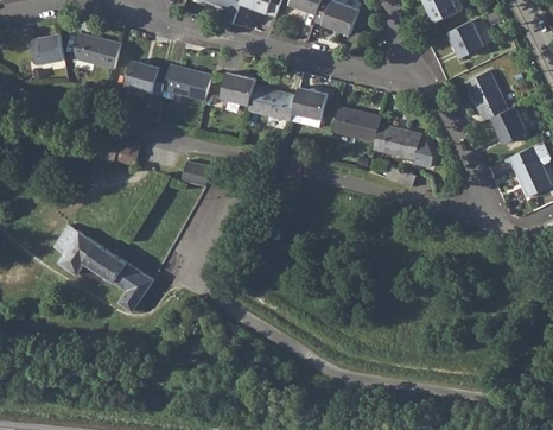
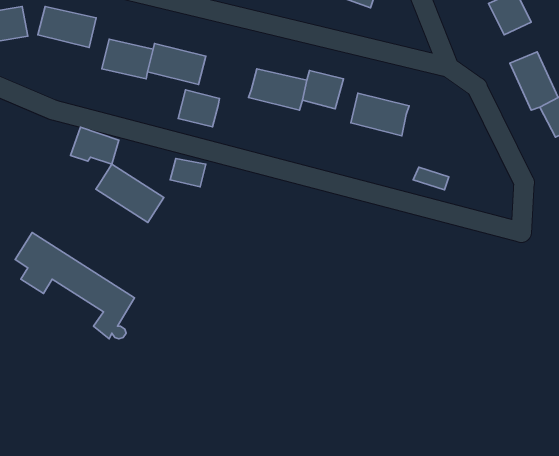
building: [221,72,255,103] -> [178,90,220,127]
building: [373,124,433,165] -> none
building: none -> [96,164,164,222]

